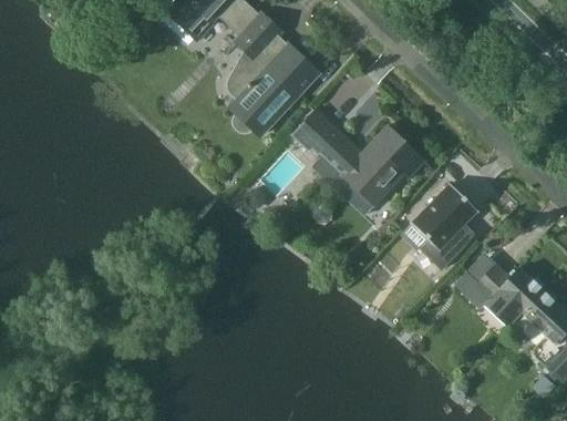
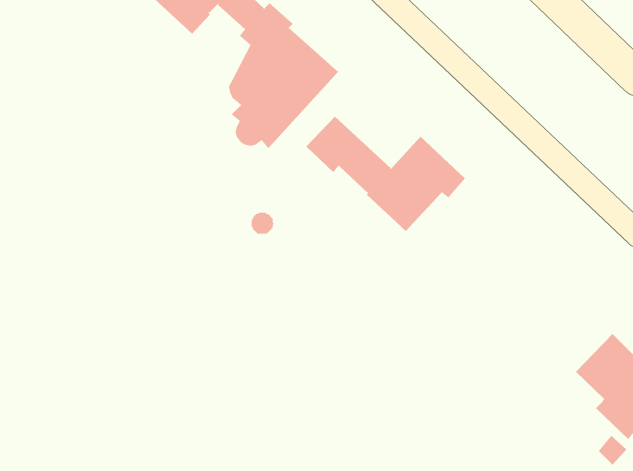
building: [410,183,476,269] -> none
building: [458,263,545,327] -> none

